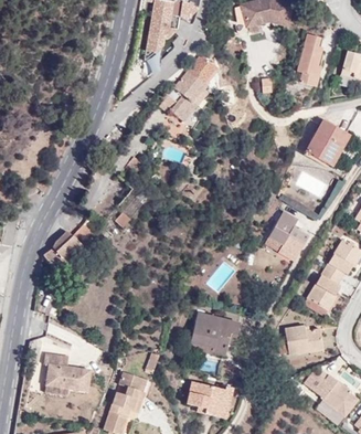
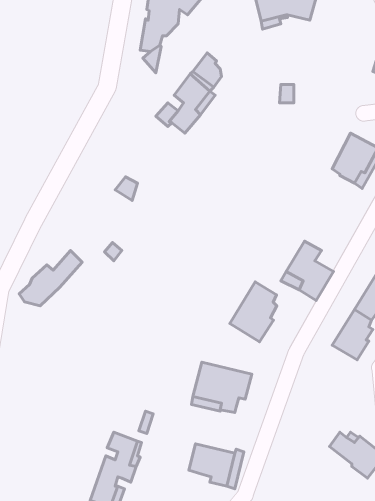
building: [295,33,321,85] -> none
building: none -> [230,282,277,342]
building: [284,326,322,354] -> none
building: [44,353,89,394] -> none

